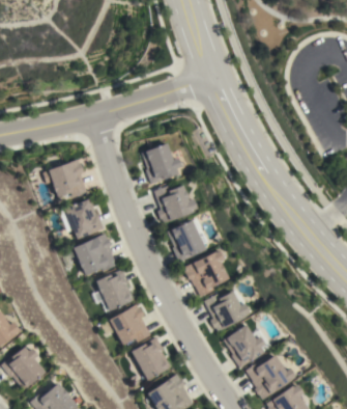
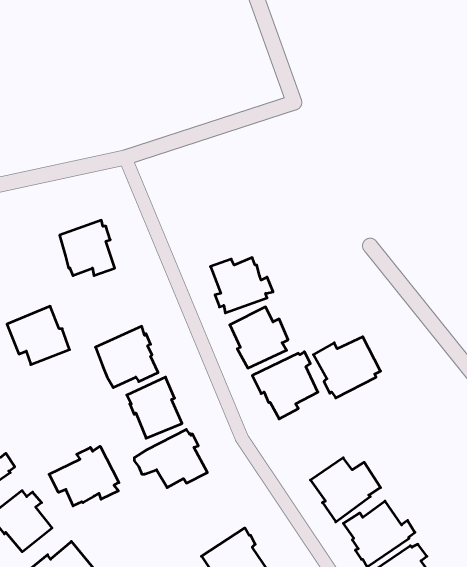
building: [142,143,180,184] -> none
building: [60,198,104,239] -> [7,306,70,365]
building: [203,289,250,331] -> [313,337,381,398]
building: none -> [49,446,119,506]
building: [131,336,171,380] -> none

